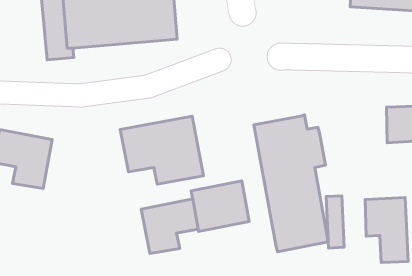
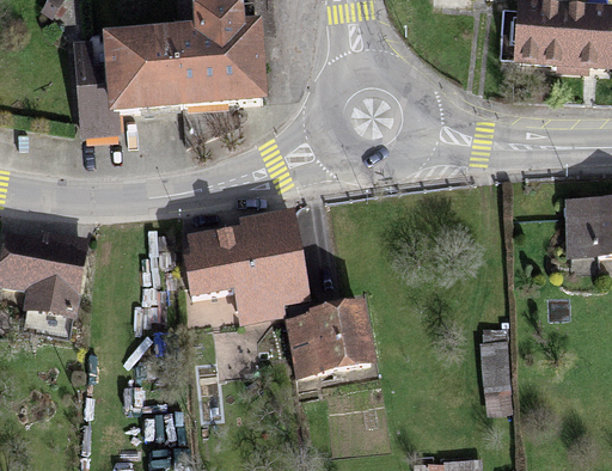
building: [254,115,328,252] -> none
building: [365,197,408,262] -> none
building: [141,199,198,254] -> none

